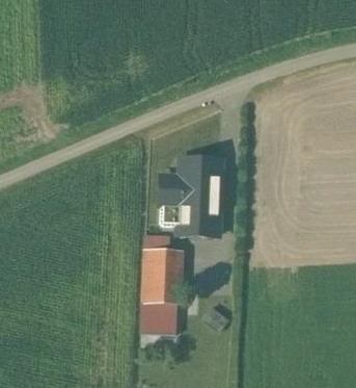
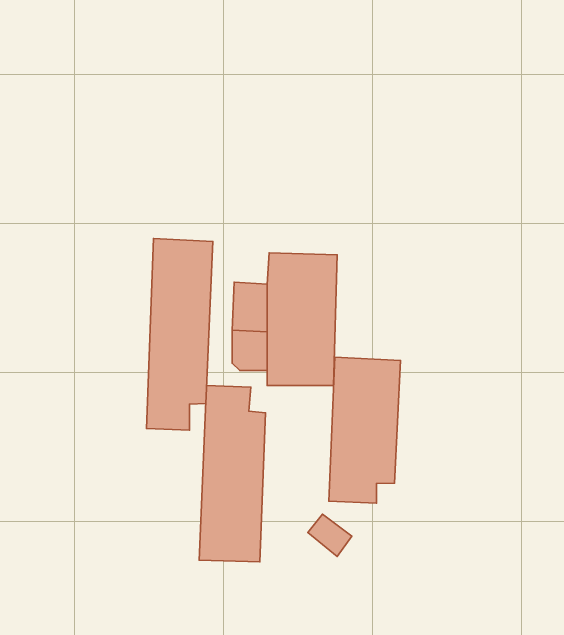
building: none -> [146,239,213,430]
building: none -> [329,357,400,503]

